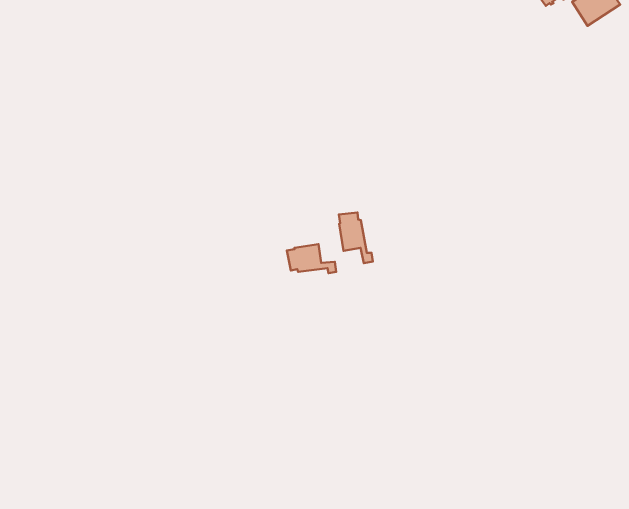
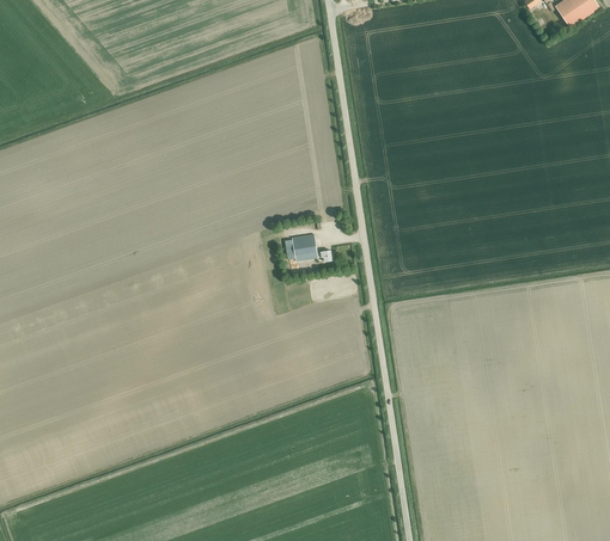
building: [339,212,373,263] -> none

